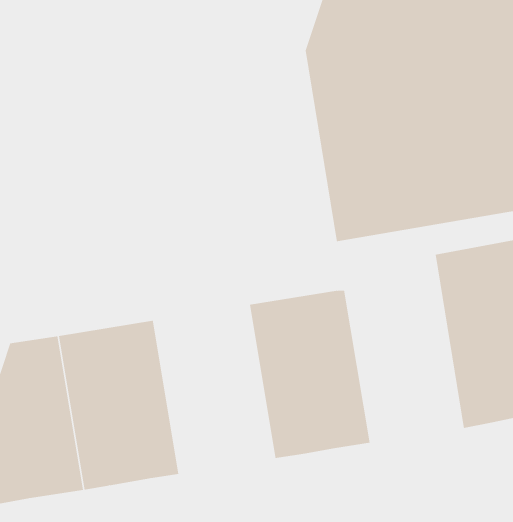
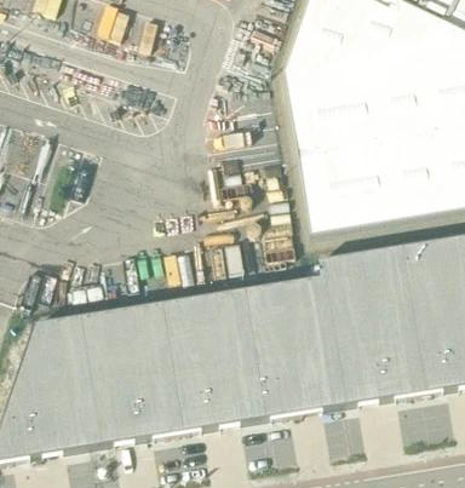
building: none -> [315,246,418,406]
building: none -> [155,288,258,432]

